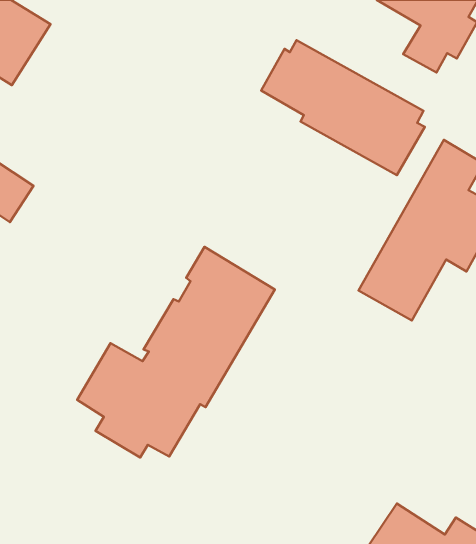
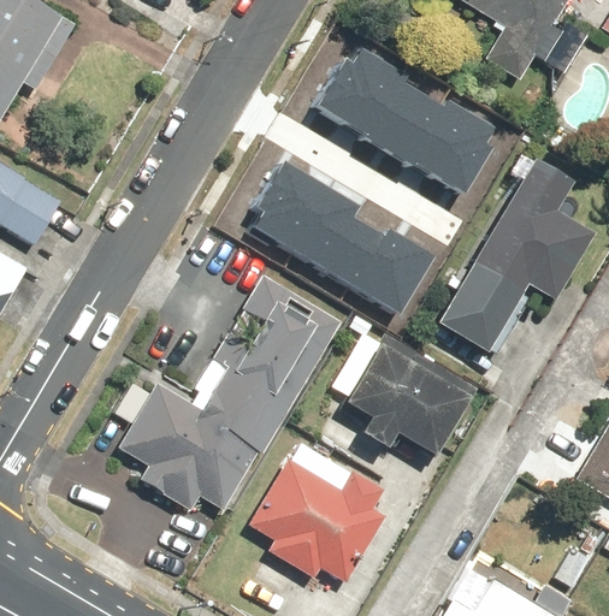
building: none -> [258,161,441,316]
building: none -> [333,333,473,456]
building: none -> [247,440,384,584]

